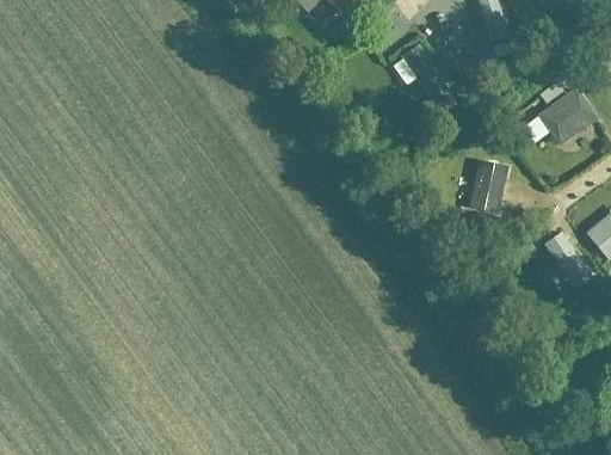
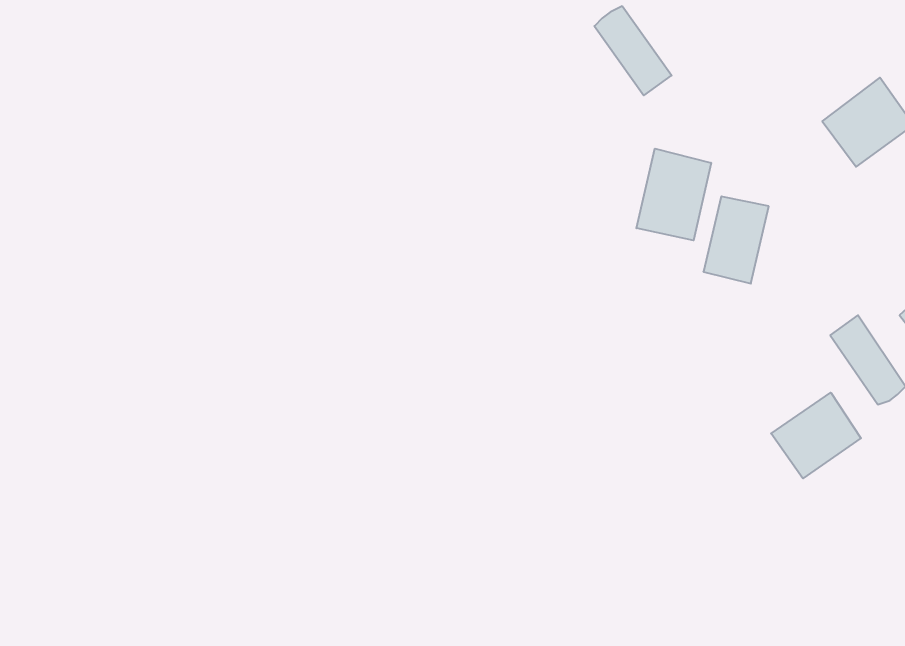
building: none -> [636,149,711,240]
building: none -> [771,393,861,478]

